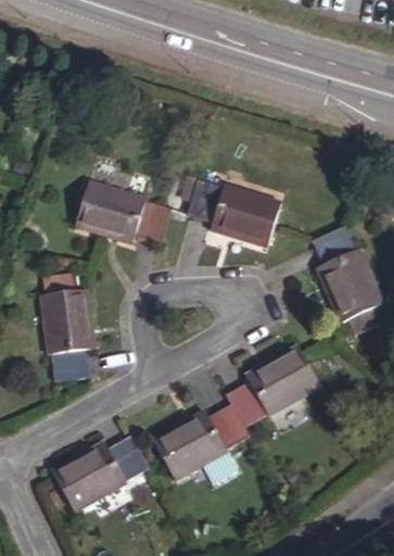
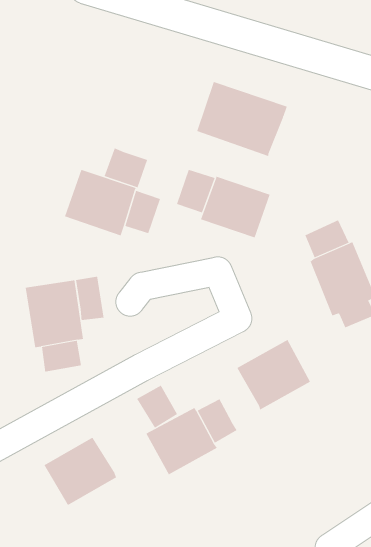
building: none -> [197,81,287,157]
building: none -> [104,147,148,188]
building: none -> [75,276,104,321]
building: [224,382,267,428] -> none
building: [106,434,148,478] -> [136,385,178,429]

